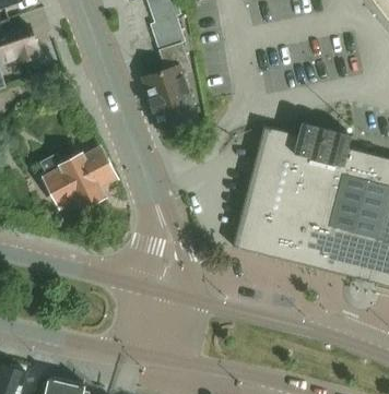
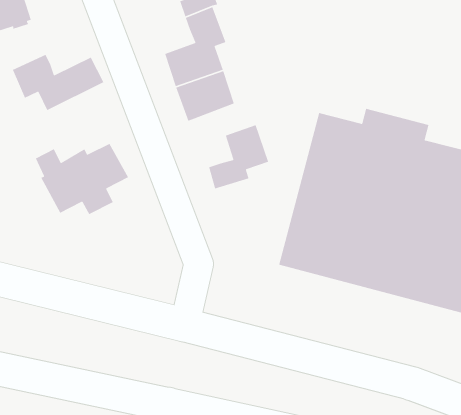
building: none -> [12,54,104,111]
building: none -> [208,124,269,190]

